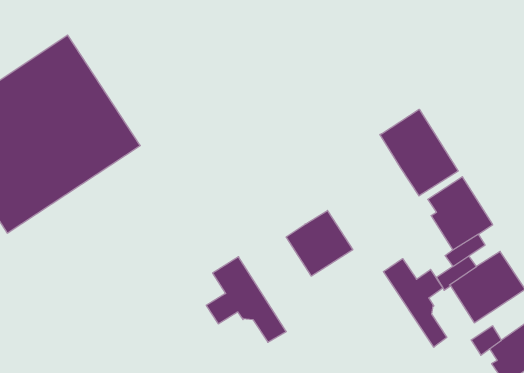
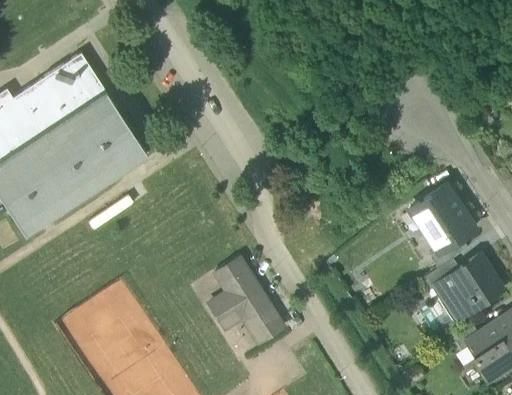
building: [380,109,458,196] -> none
building: [286,210,353,276] -> none
building: [383,259,447,347] -> none

